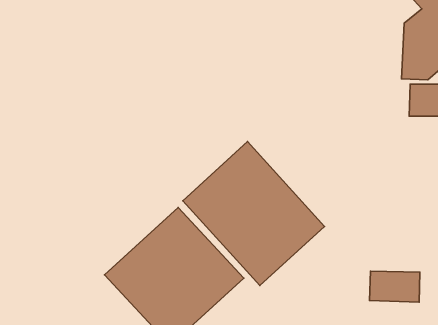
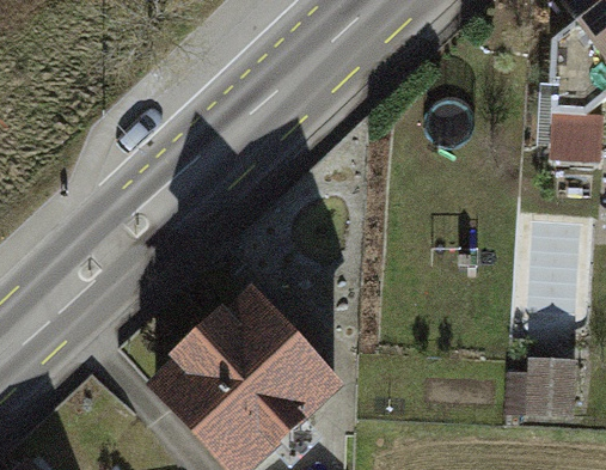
building: [183,142,324,286] -> none

